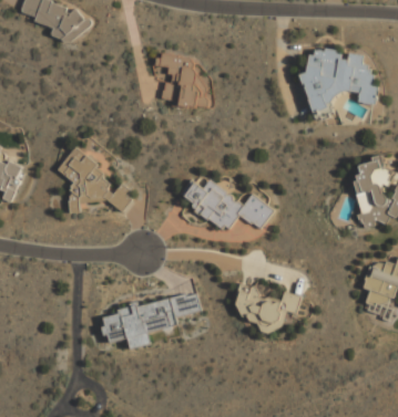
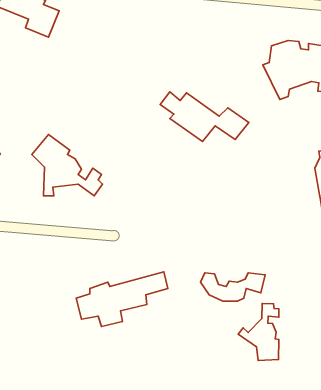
building: [180,177,273,229] -> [160,92,249,142]
building: none -> [238,304,279,360]

